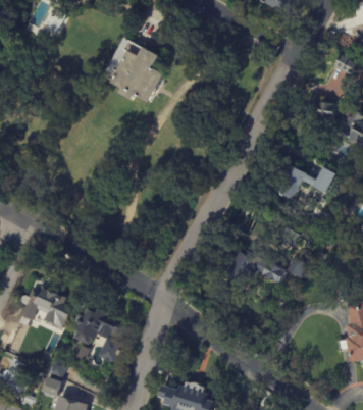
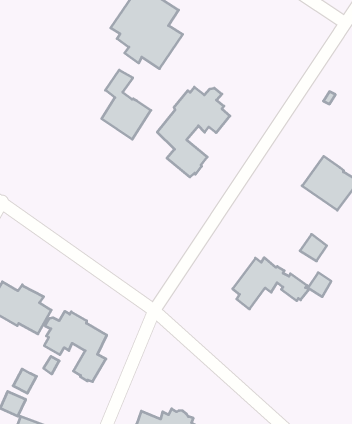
building: none -> [102,70,151,139]
building: none -> [157,87,230,177]

